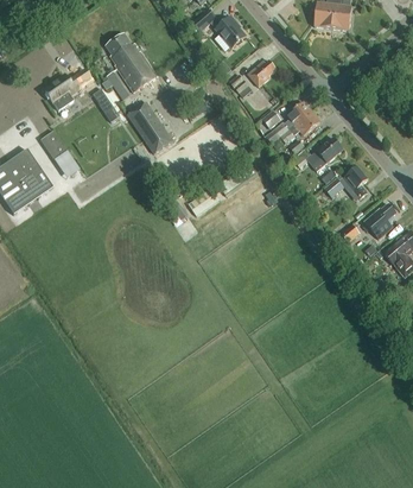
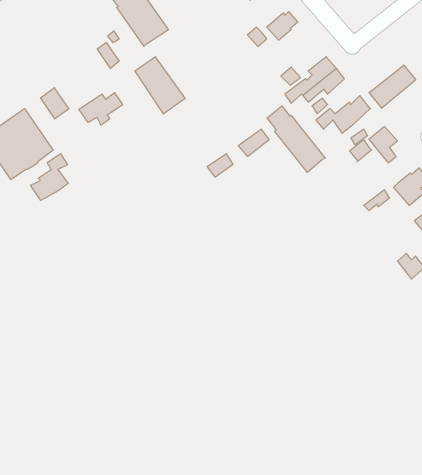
building: [43,75,83,104] -> [79,93,123,125]
building: none -> [369,65,416,108]
building: none -> [267,106,325,172]
building: none -> [31,154,68,200]

